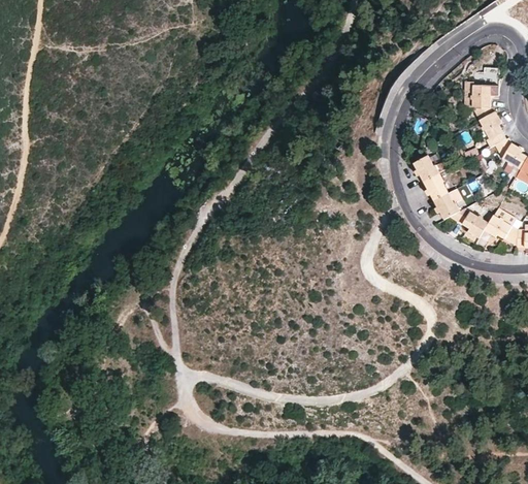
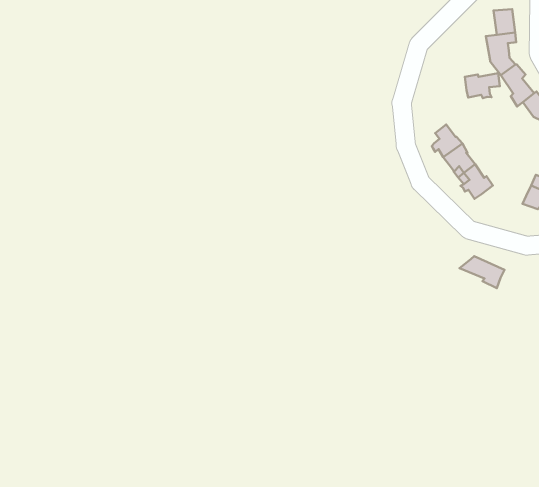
building: none -> [465,73,500,98]
building: [452,209,489,238] -> [460,256,505,288]

